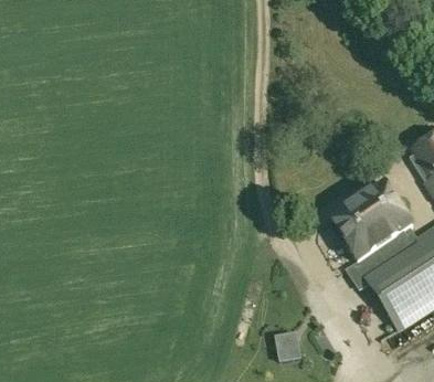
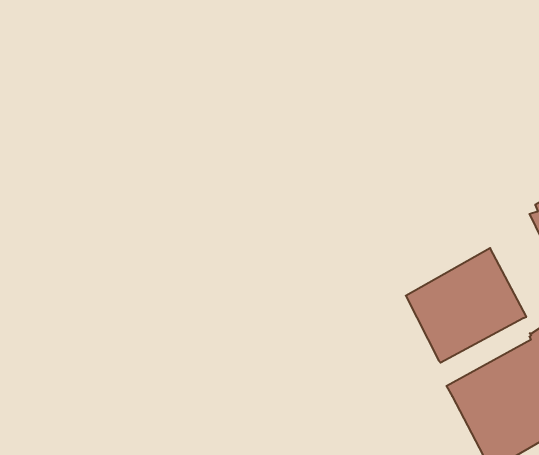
building: [346,226,417,289] -> none

